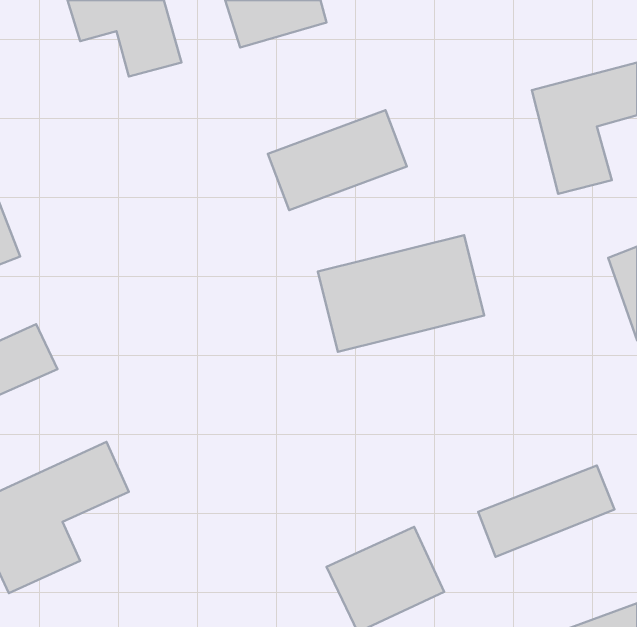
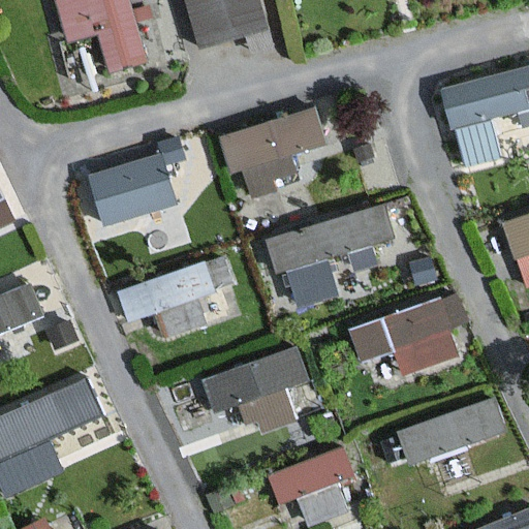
building: none -> [83,149,176,223]
building: none -> [121,261,244,332]
building: none -> [348,294,469,376]
building: none -> [212,346,310,440]

